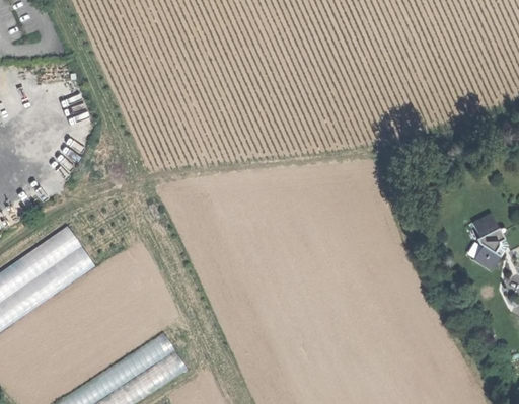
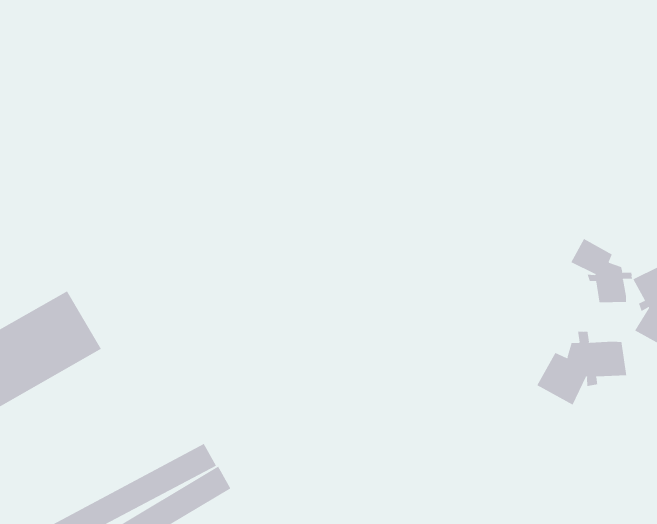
building: none -> [571,238,633,303]
building: none -> [537,331,627,406]

